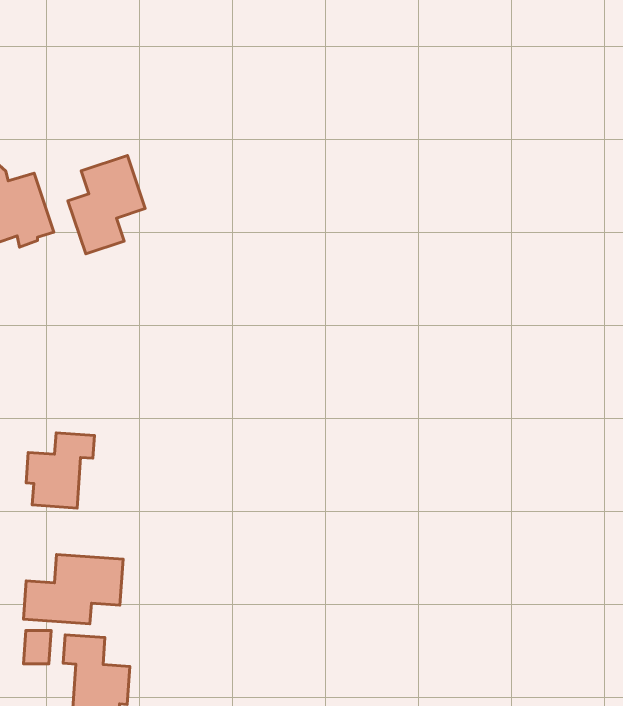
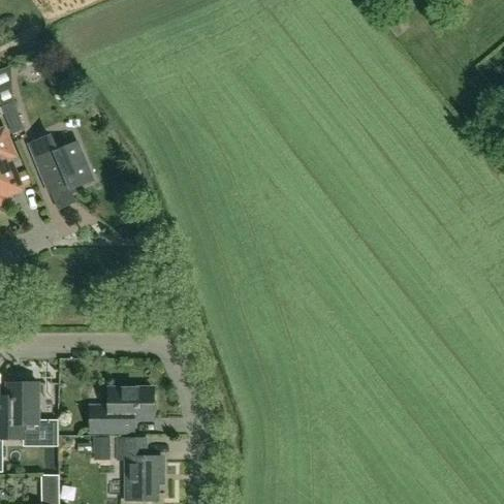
building: [68,155,145,254] -> none
building: [26,433,95,508] -> none

